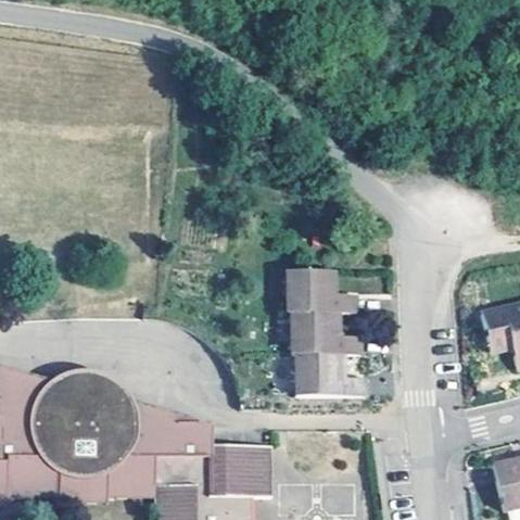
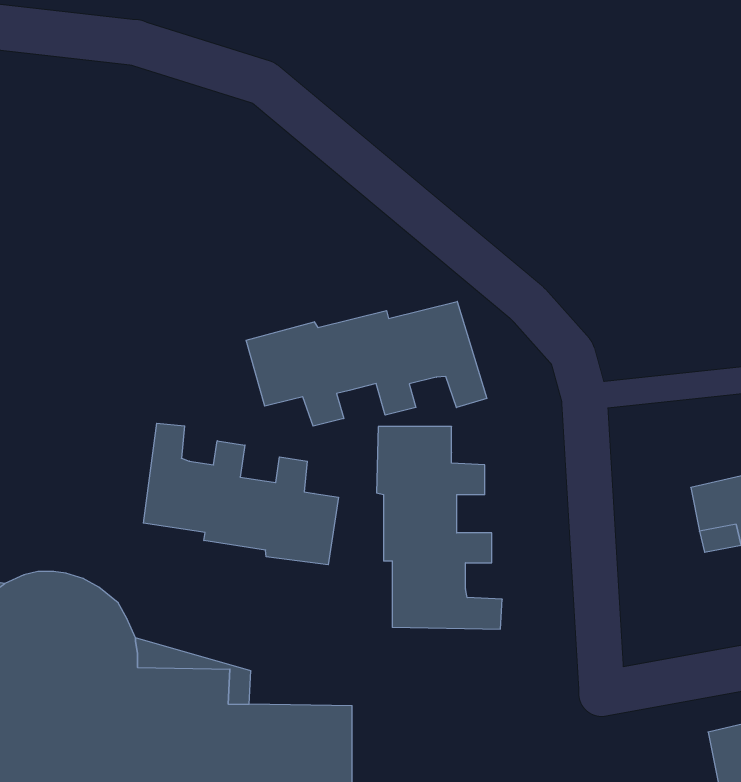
building: none -> [246,301,487,426]
building: none -> [143,423,338,565]

